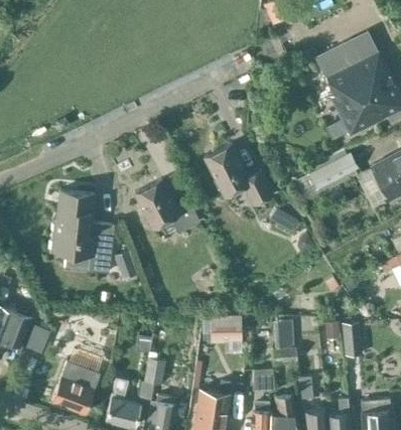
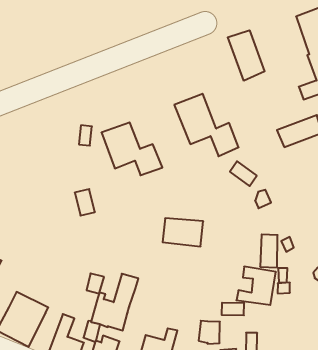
building: none -> [228,30,265,81]
building: [52,191,115,273] -> none
building: [204,315,242,340] -> [163,218,203,246]
building: [344,322,363,355] -> [260,234,278,268]

